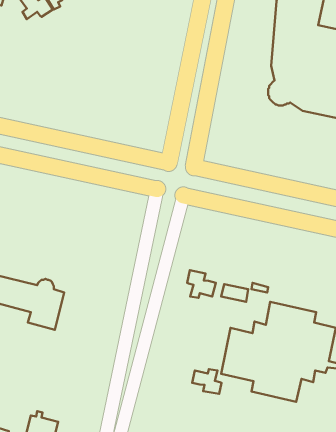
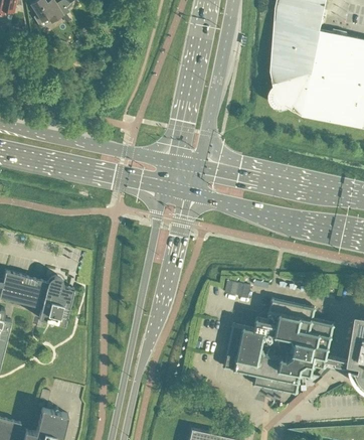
building: [187,270,216,298] -> none
building: [192,369,221,394] -> none

